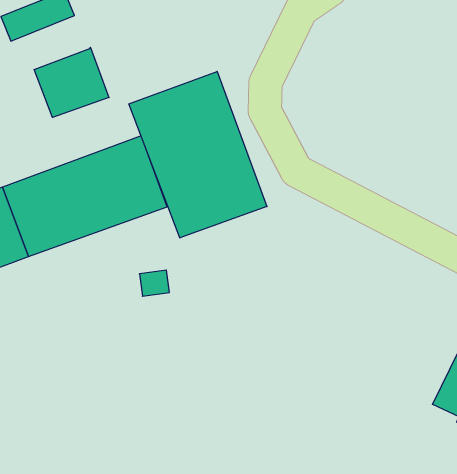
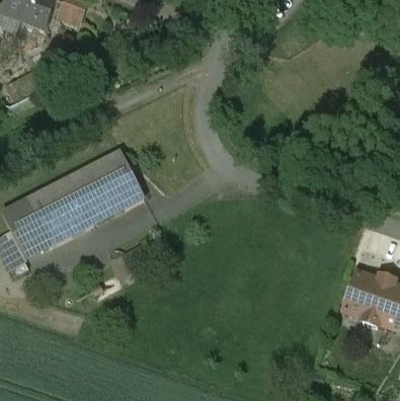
building: [34,47,109,117] -> none
building: [129,71,267,238] -> none

